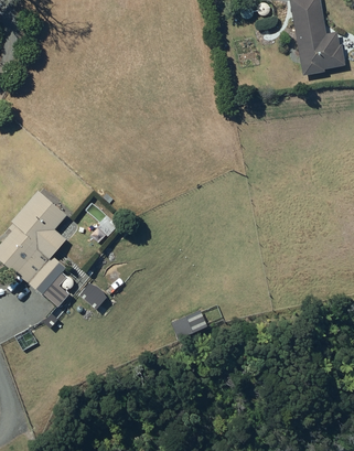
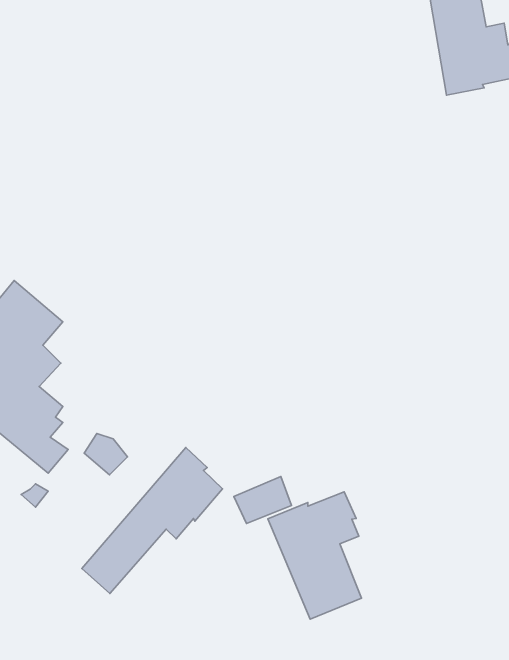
building: none -> [82,448,222,594]
building: none -> [268,492,362,619]

